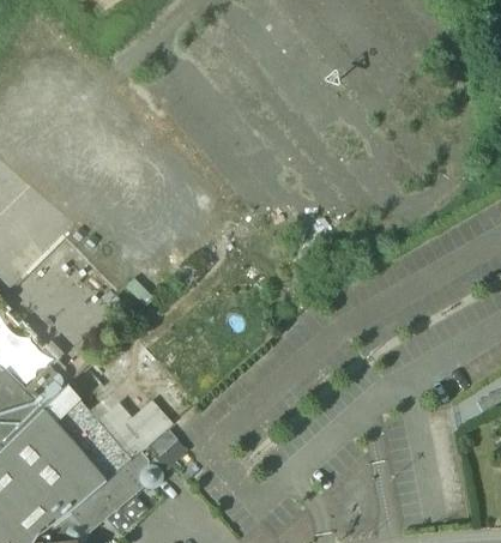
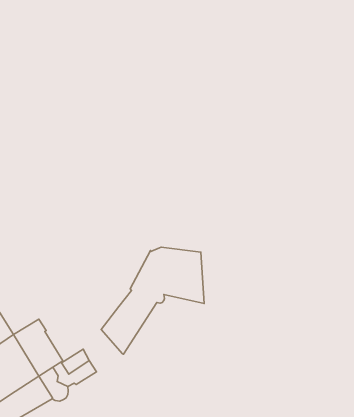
building: none -> [101,247,204,354]
building: [129,400,170,440] -> none

